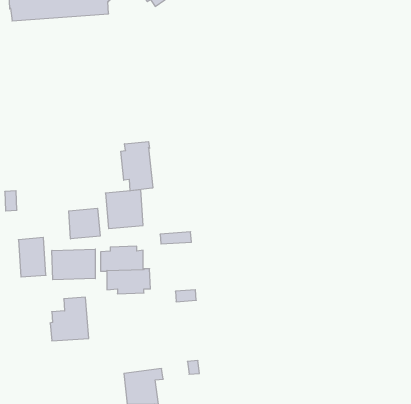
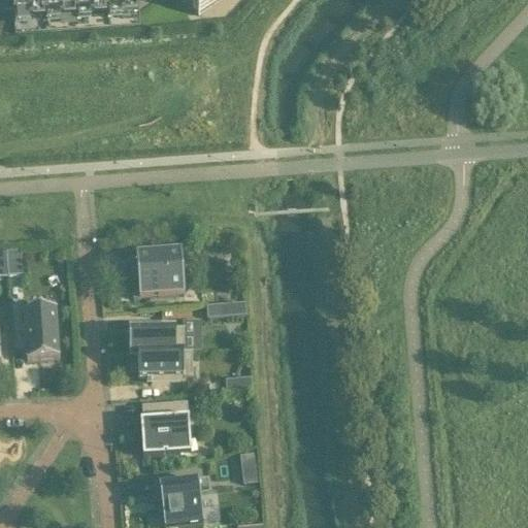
building: [121,142,153,191] -> none
building: [69,208,100,239] -> none
building: [52,249,95,280] -> none
building: [50,297,89,341] -> [141,395,191,451]

